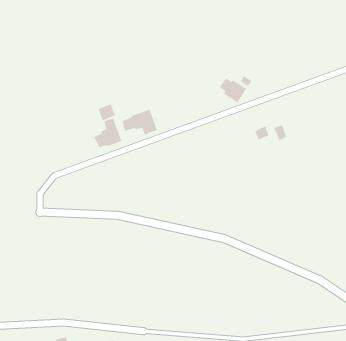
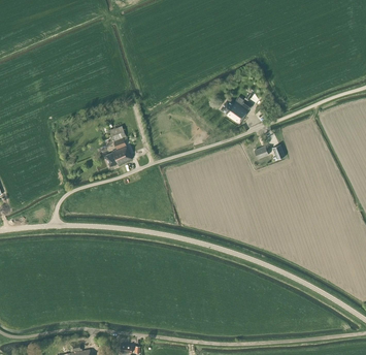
building: [122,109,157,135] -> none

